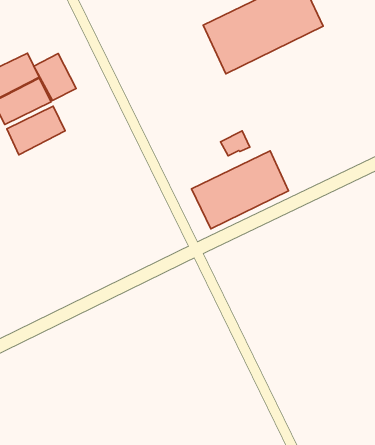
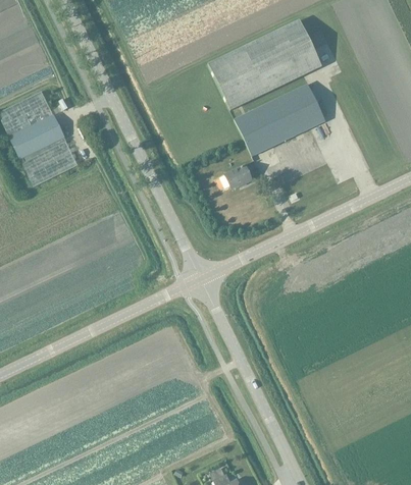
building: [34,53,76,101] -> none
building: [191,151,289,229] -> [234,83,325,156]

